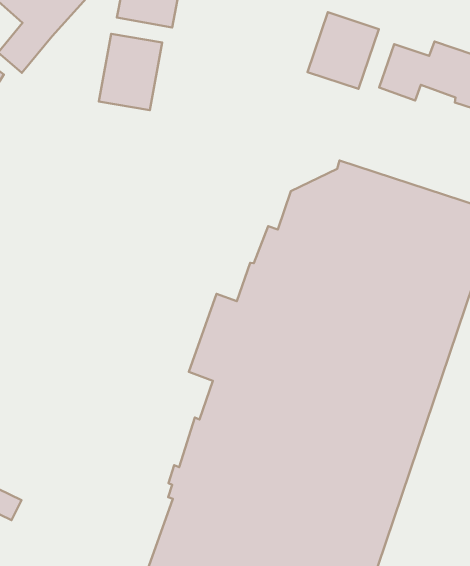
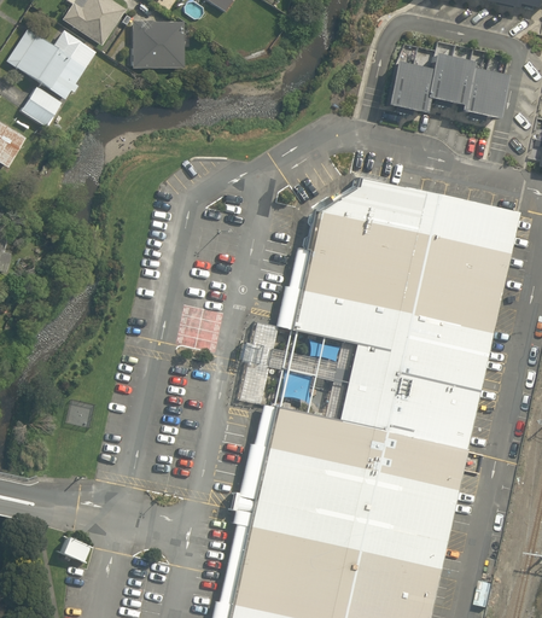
building: [307,12,379,89] -> none
building: [99,34,162,110] -> none

